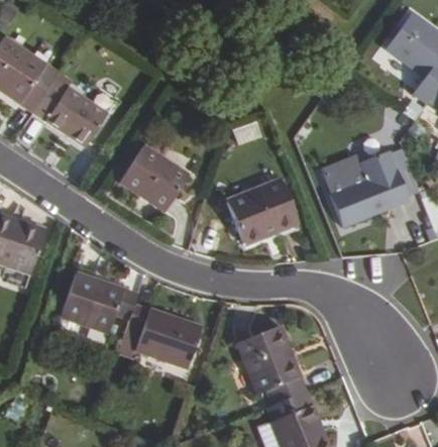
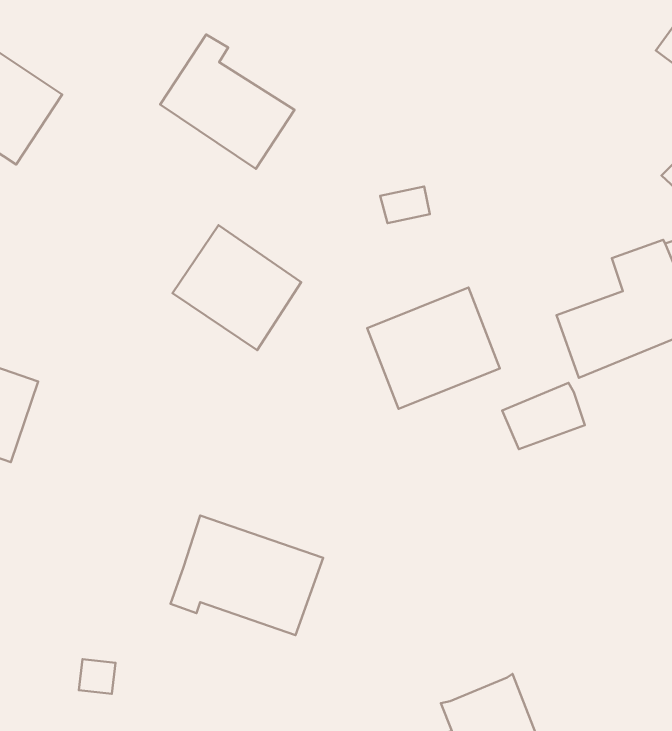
building: [33,72,107,145] -> [160,35,294,169]
building: [321,156,366,193] -> [502,383,585,449]
building: [61,271,138,332] -> none
building: [237,325,303,405] -> none

